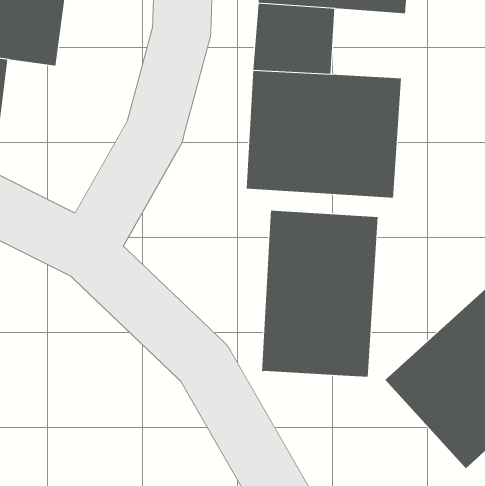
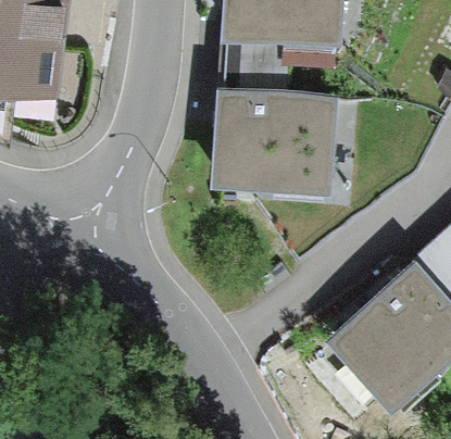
building: [261,210,378,378] -> none

